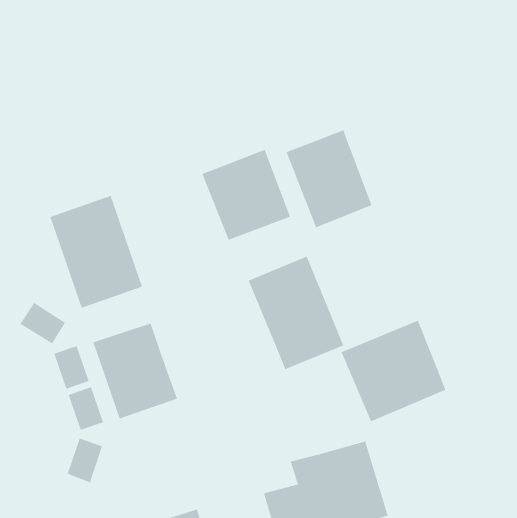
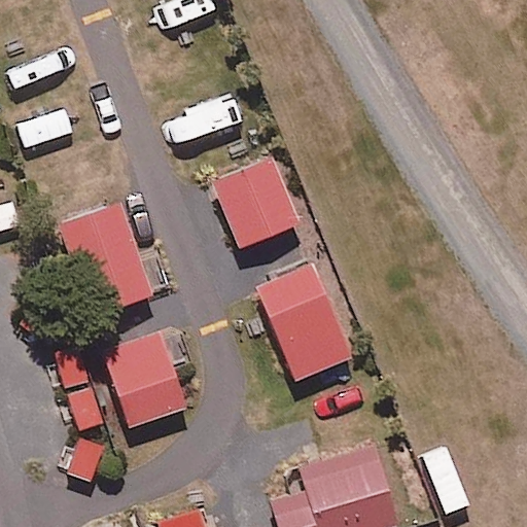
building: [286,130,372,228] -> none
building: [341,320,446,422] -> none

